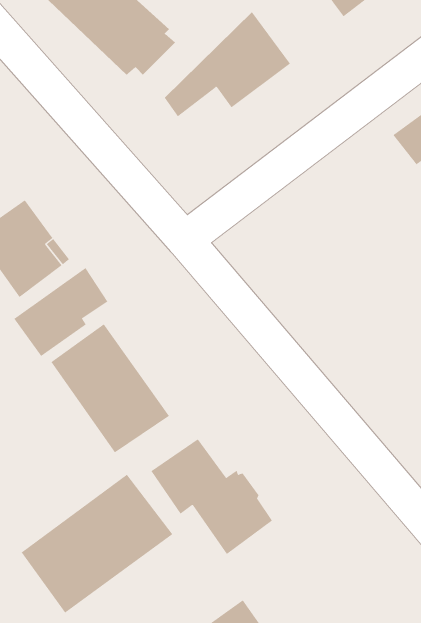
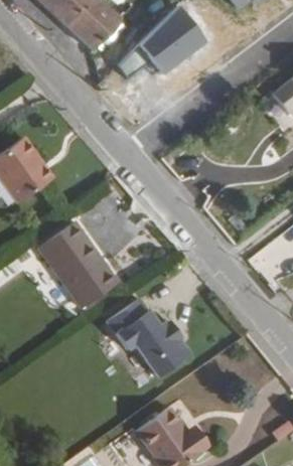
building: [13,267,108,357] -> none
building: [21,474,173,614] -> none

